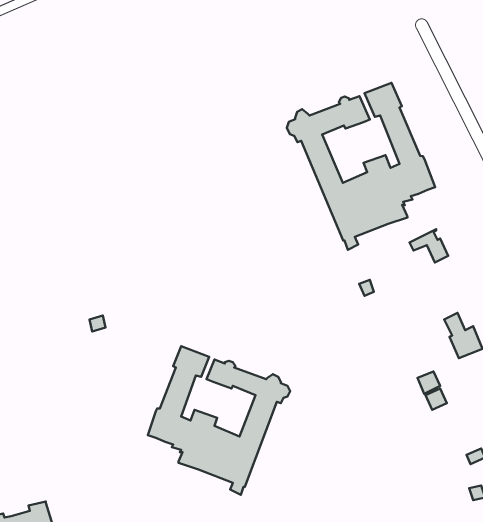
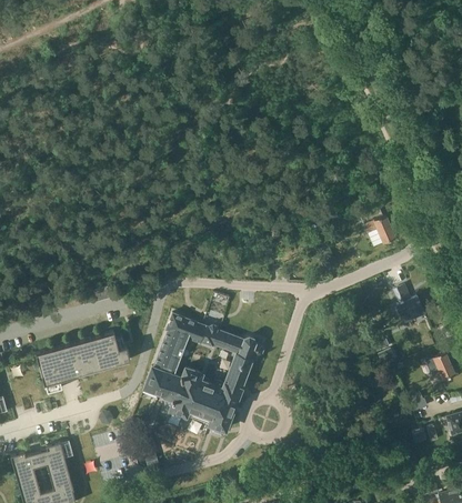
building: [287,83,435,250] -> none
building: none -> [36,331,130,384]

